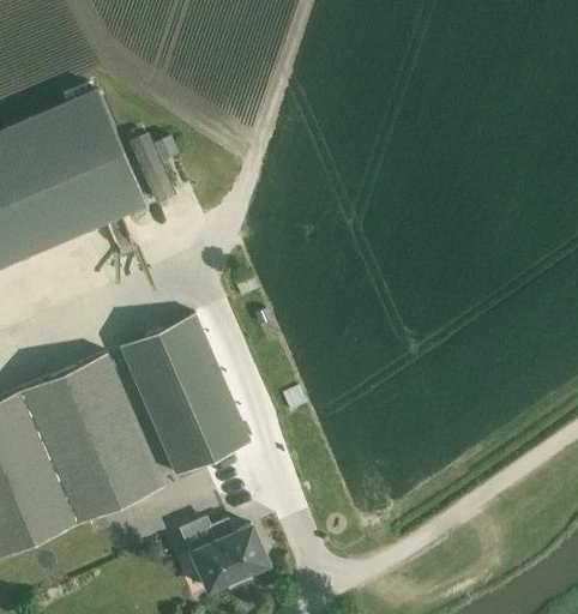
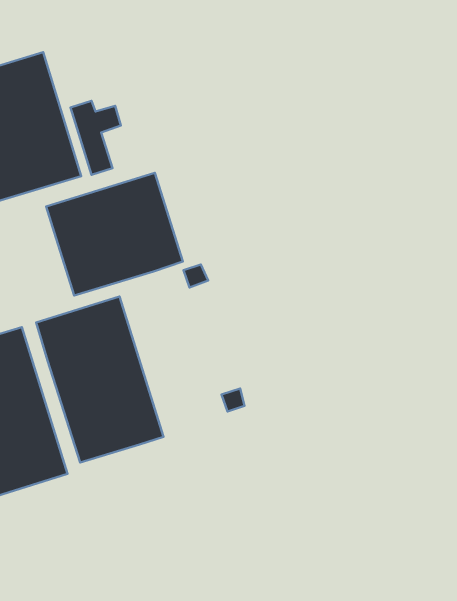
building: none -> [46,173,183,295]
building: [174,517,267,597] -> none

